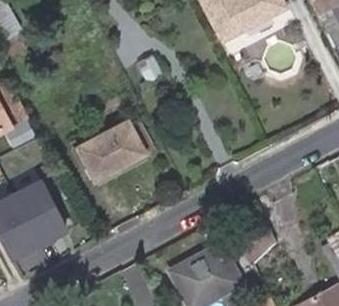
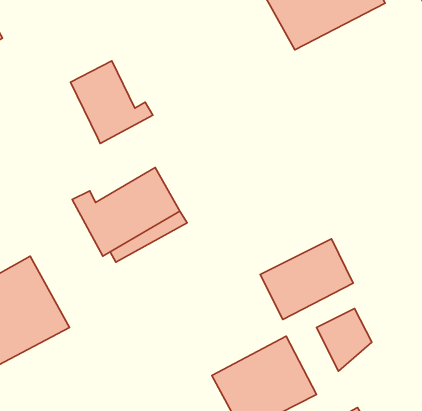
building: none -> [71,61,153,143]
building: none -> [260,239,353,319]

